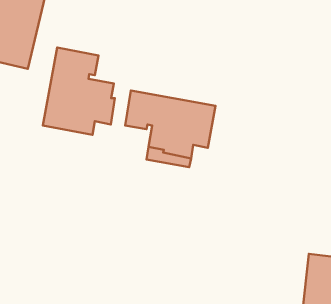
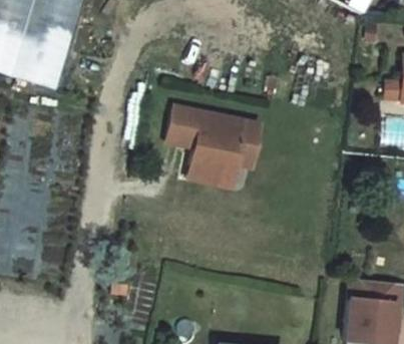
building: [43,47,115,135] -> none

